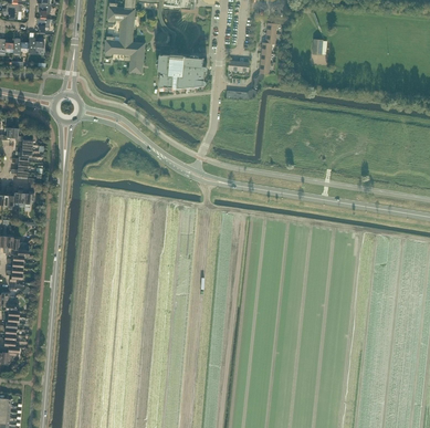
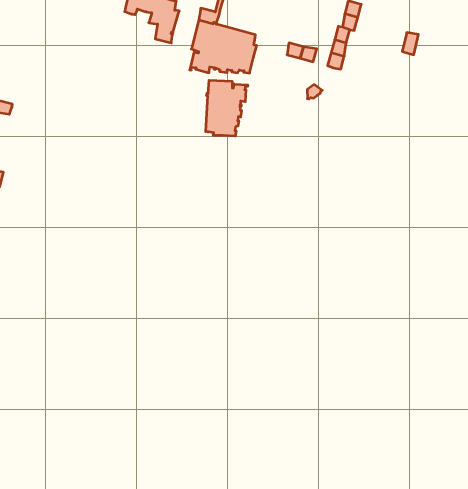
building: none -> [206,80,248,136]

